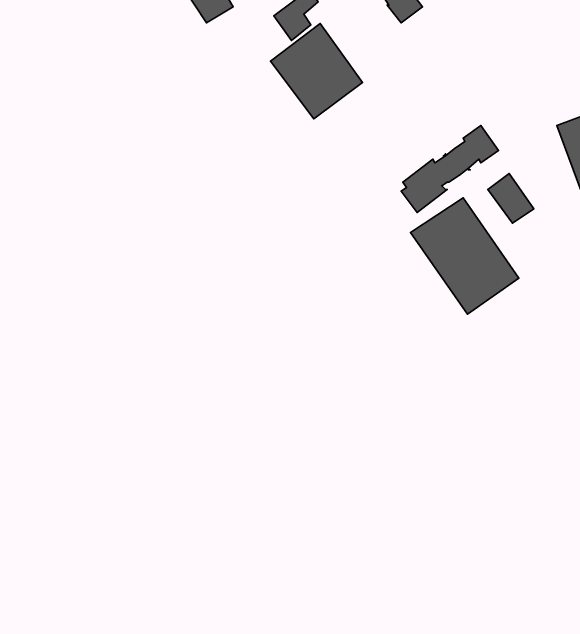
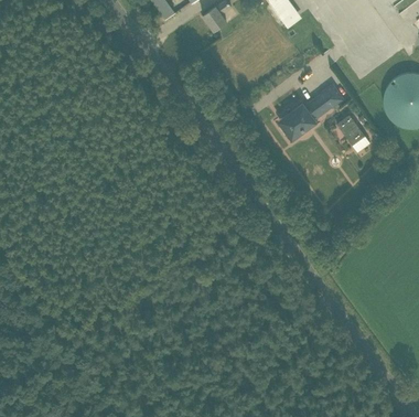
building: [270,24,363,119] -> none
building: [410,198,519,314] -> none

